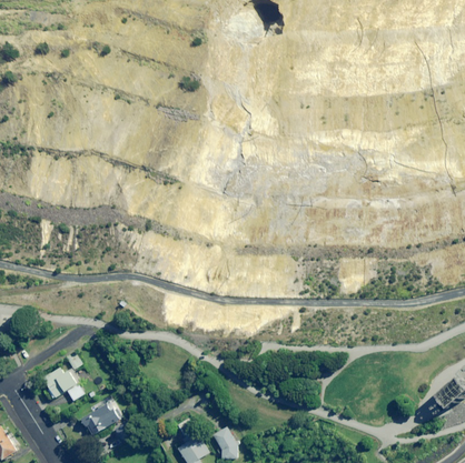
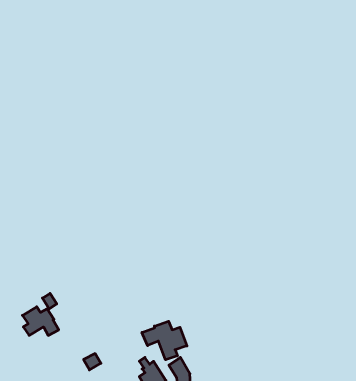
building: none -> [142,321,187,360]
building: [83,401,123,436] -> none

